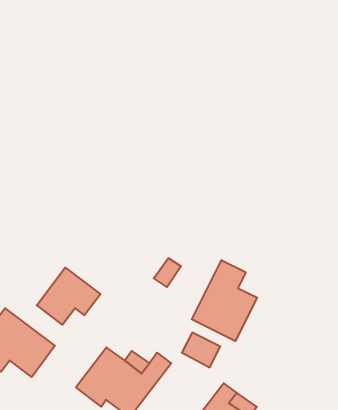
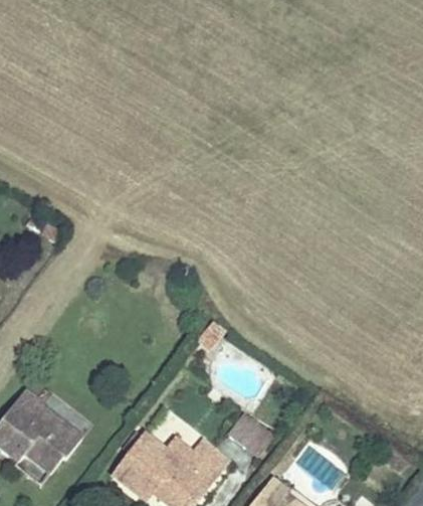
building: [192,260,257,341] -> none
building: [37,268,100,325] -> none

